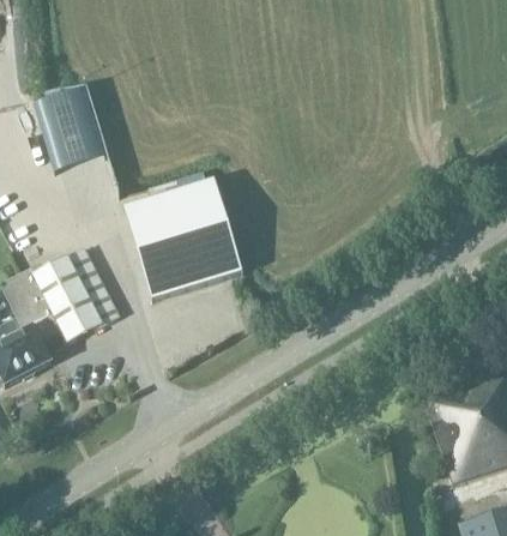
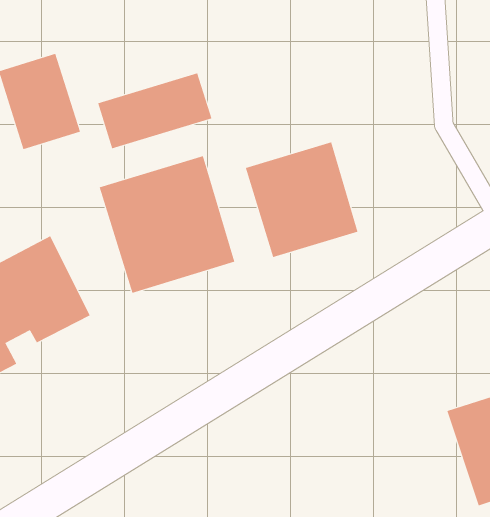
building: none -> [97,72,212,149]
building: none -> [245,141,358,258]

